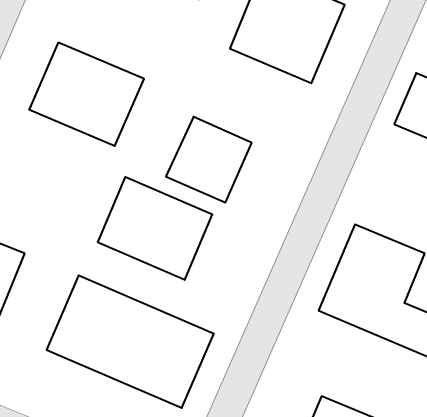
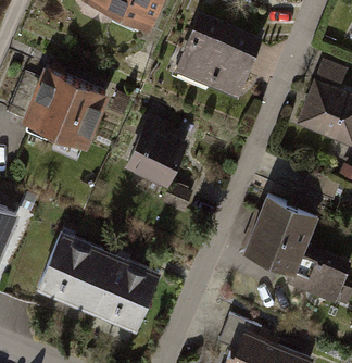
building: [98,177,212,280] -> none

